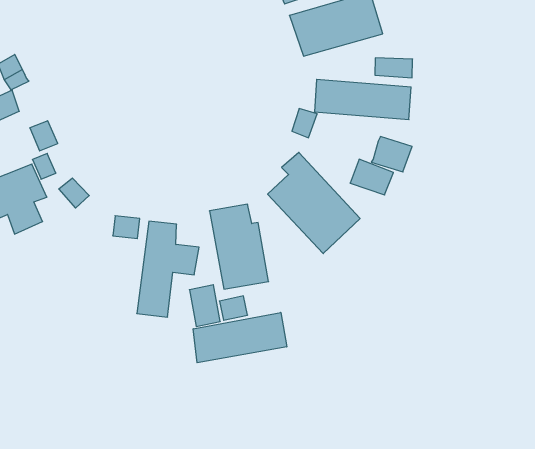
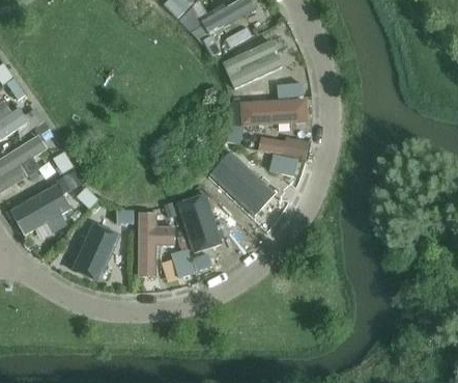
building: none -> [73,220,120,280]
building: [193,312,287,363] -> none

